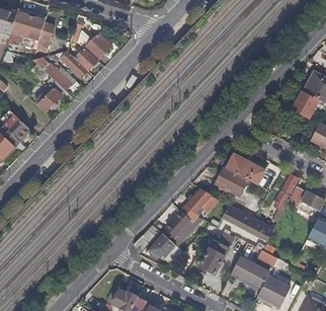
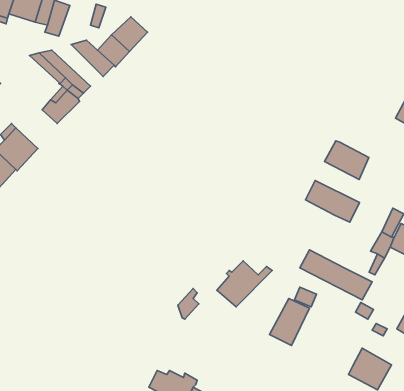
building: [216,166,248,195] -> [325,141,369,180]
building: [181,188,221,222] -> none
building: [146,233,176,259] -> none
building: [232,256,270,289] -> none

